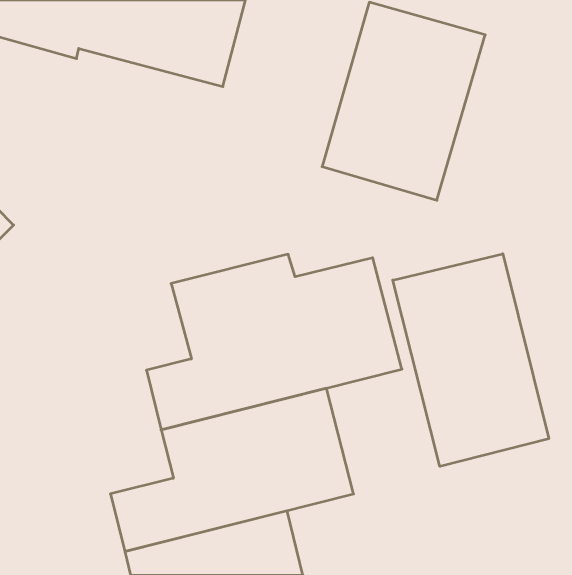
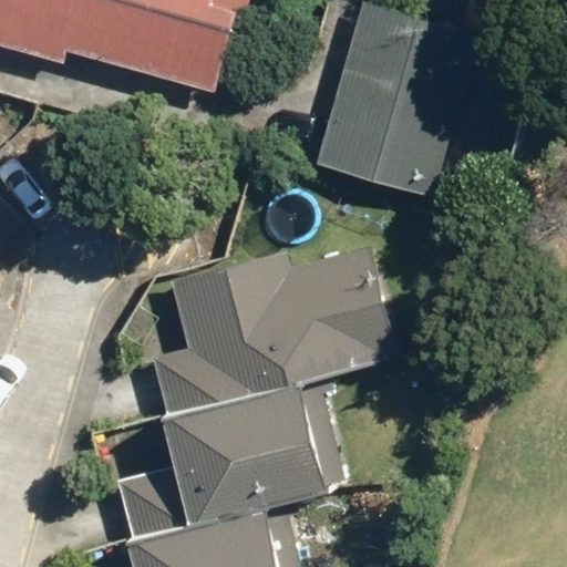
building: [393,254,549,466] -> none

